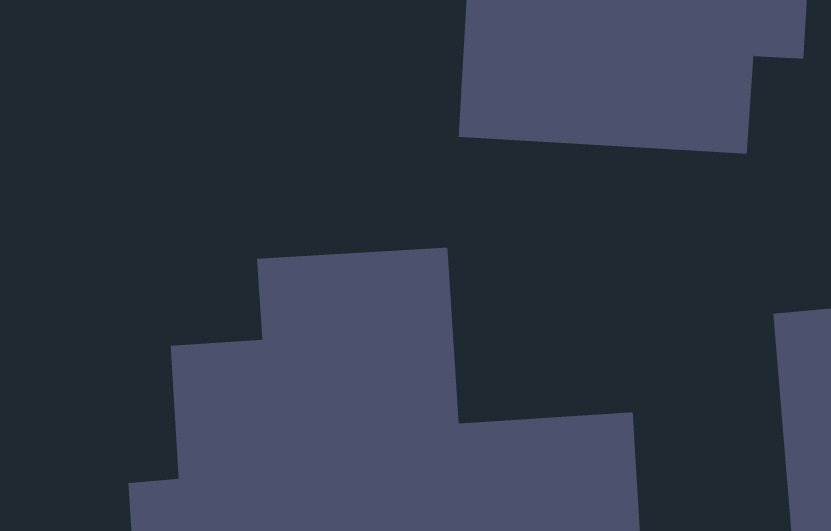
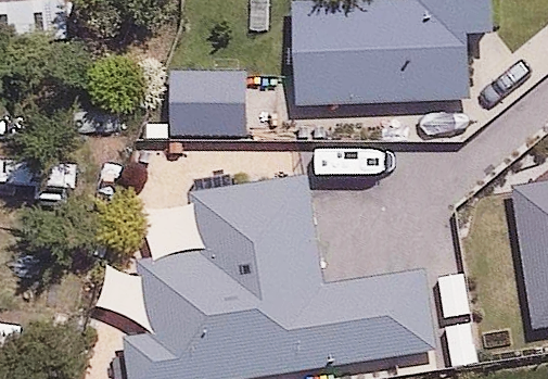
building: none -> [161,81,240,138]

